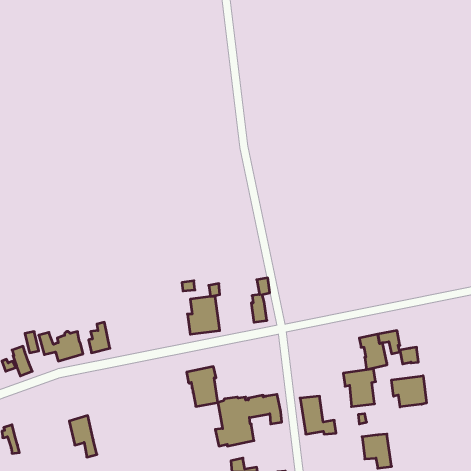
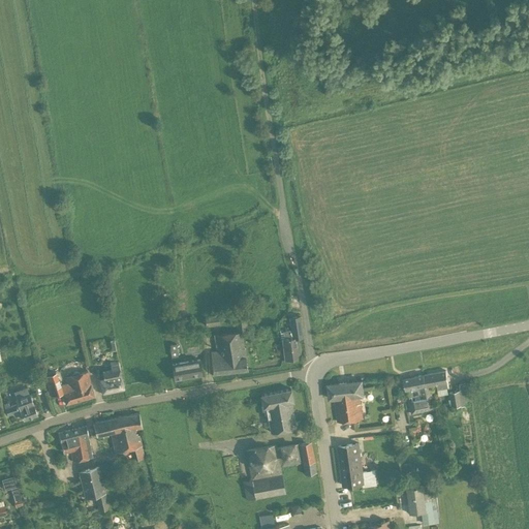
building: none -> [170,360,200,381]
building: [187,367,218,406] -> [259,388,294,433]
building: none -> [92,412,144,462]
building: [343,369,376,407] -> [326,380,363,423]
building: [392,376,426,407] -> none
building: none -> [57,427,91,462]

